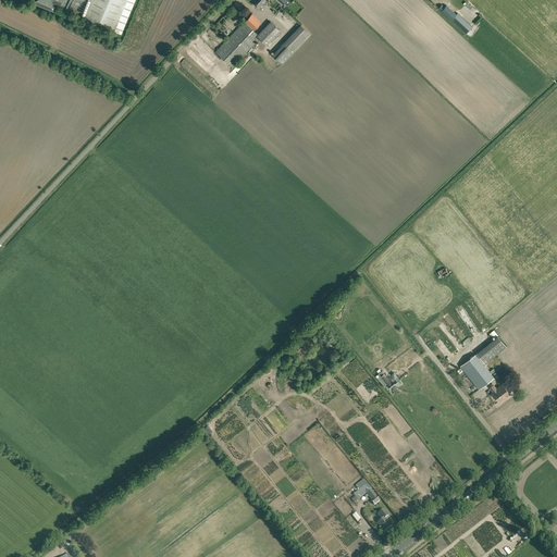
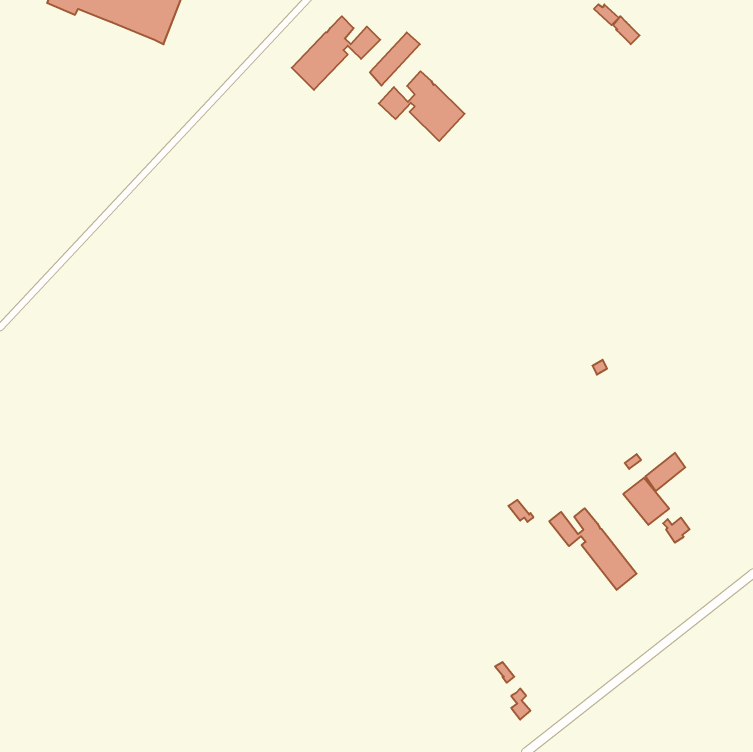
building: none -> [379,71,465,141]
building: none -> [549,508,637,590]

